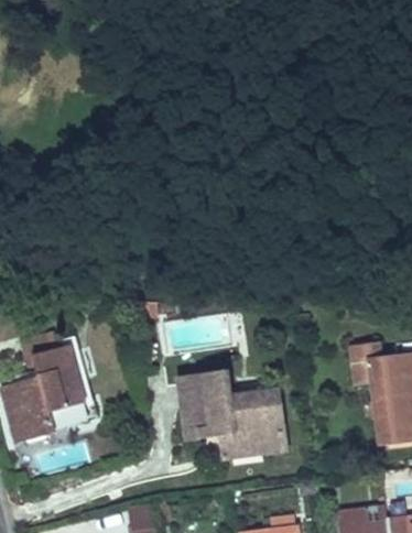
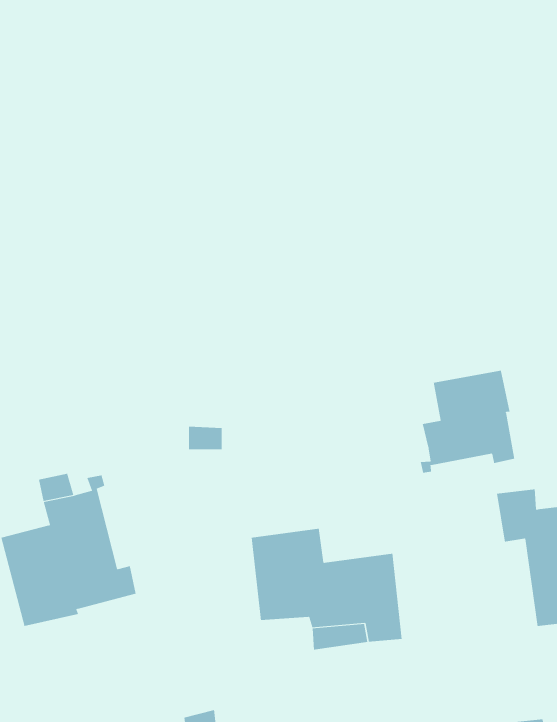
building: none -> [420,370,515,474]

